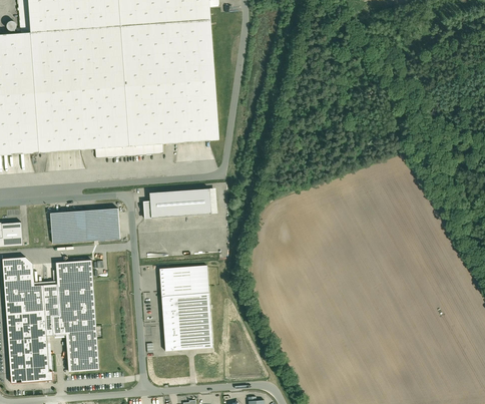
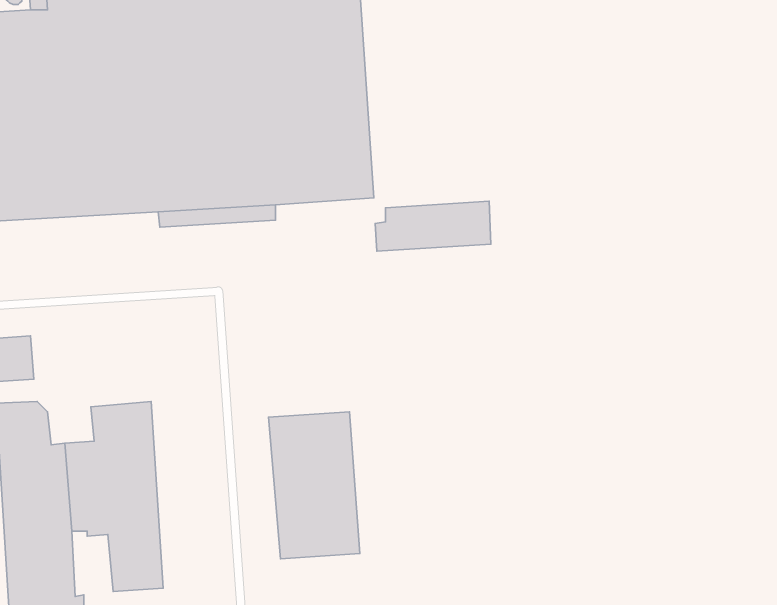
building: [143,187,210,217] -> [375,201,491,251]
building: [49,207,120,243] -> none

